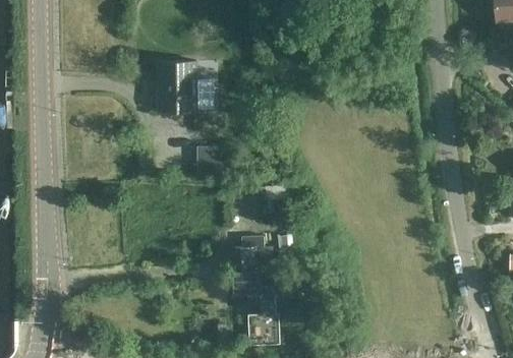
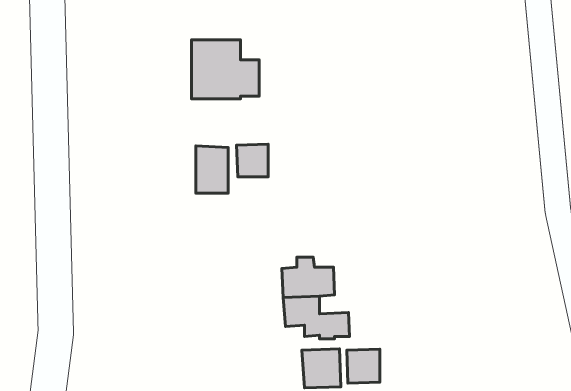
building: none -> [196,146,228,193]
building: none -> [347,349,380,383]

